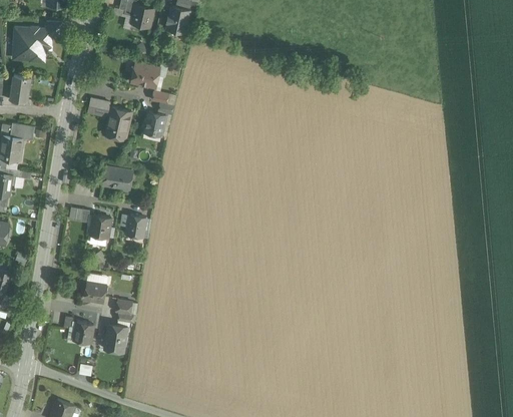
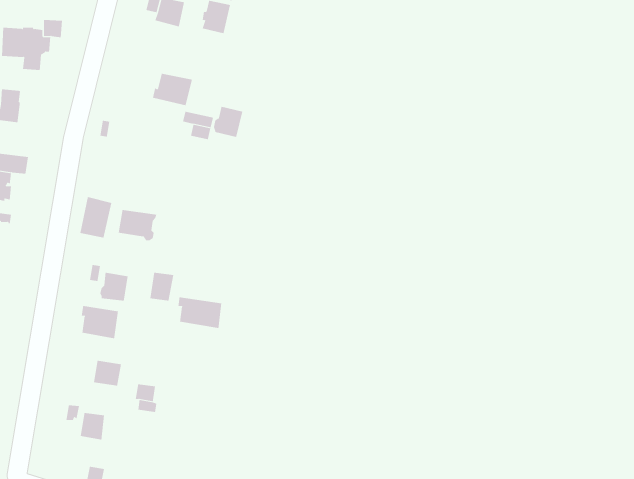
building: [105,107,130,139] -> [79,196,112,238]
building: [142,112,165,136] -> [213,106,243,138]
building: none -> [178,297,222,329]
building: none -> [81,305,118,339]
building: [104,325,126,353] -> none

